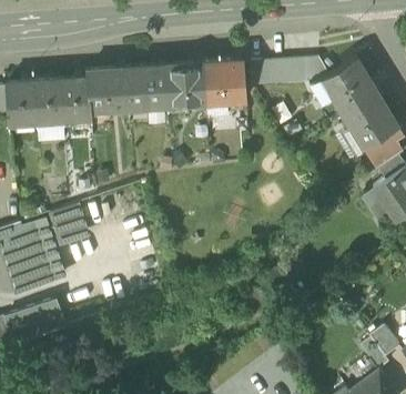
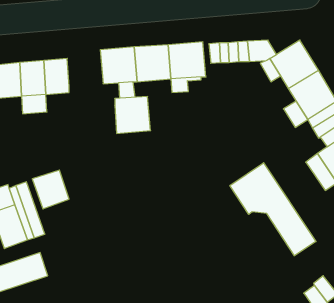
building: [88,67,129,109] -> [115,97,151,133]
building: none -> [230,163,316,256]

